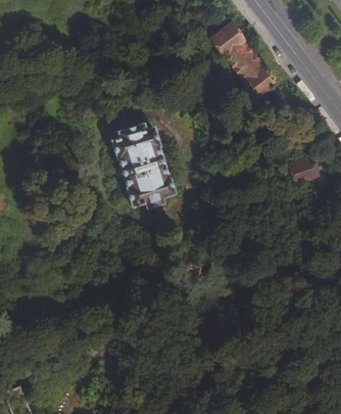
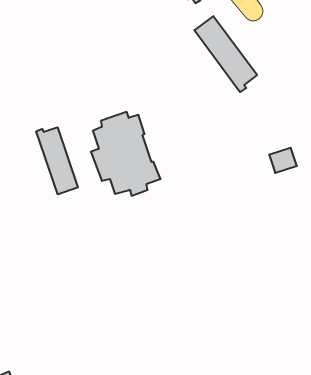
building: none -> [36,127,78,194]

